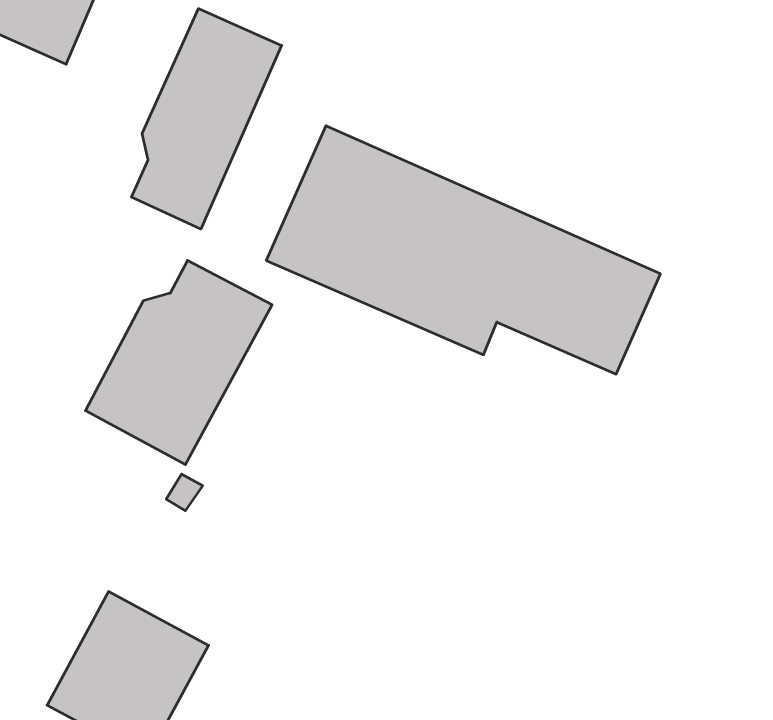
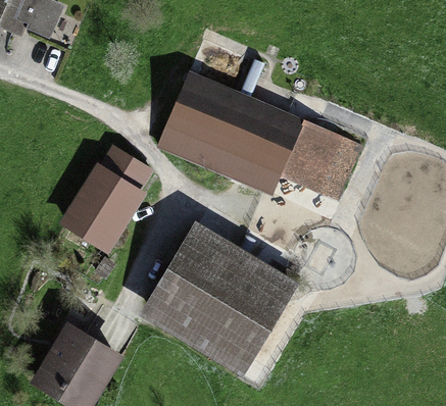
building: [131,9,282,229] -> none
building: none -> [145,219,298,367]

